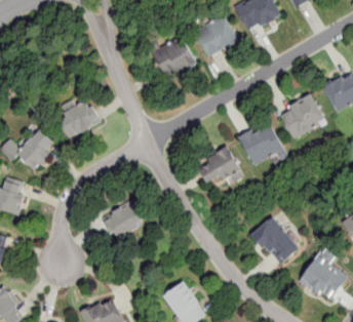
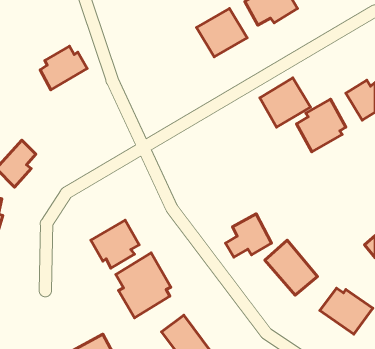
building: [151,35,195,75] -> none
building: [58,100,100,138] -> [40,46,87,90]
building: [240,123,284,166] -> [260,78,310,127]
building: [200,146,240,184] -> [226,214,271,257]
building: none -> [116,253,171,318]

